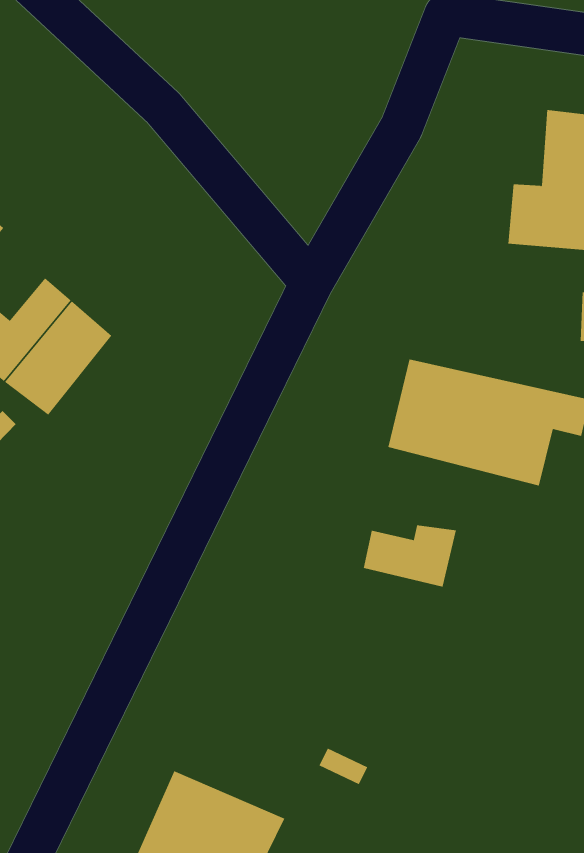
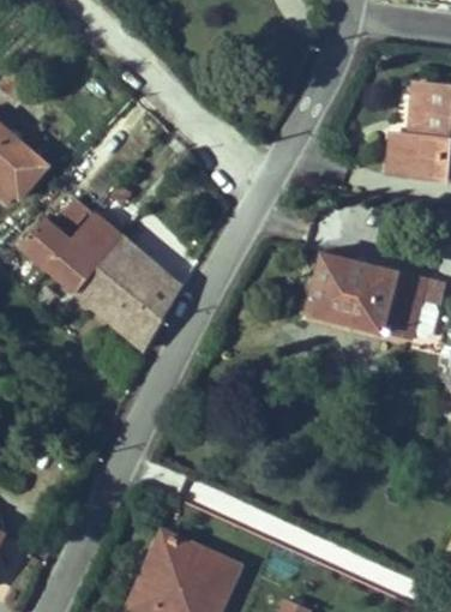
building: none -> [77,238,180,352]
building: [363,525,456,587] -> none

